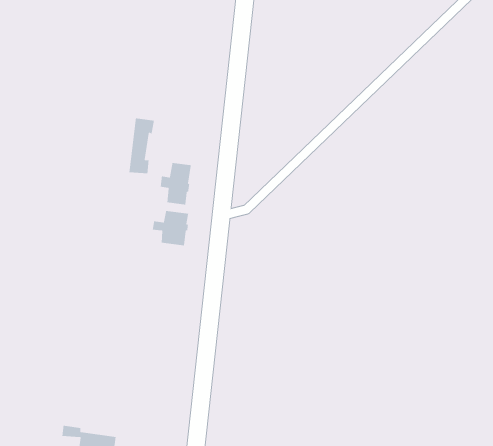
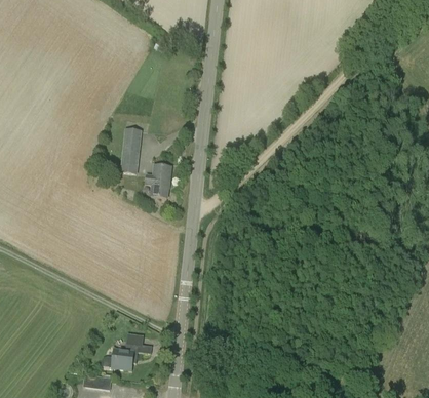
building: [152,210,190,247] -> none
building: none -> [101,344,152,370]

